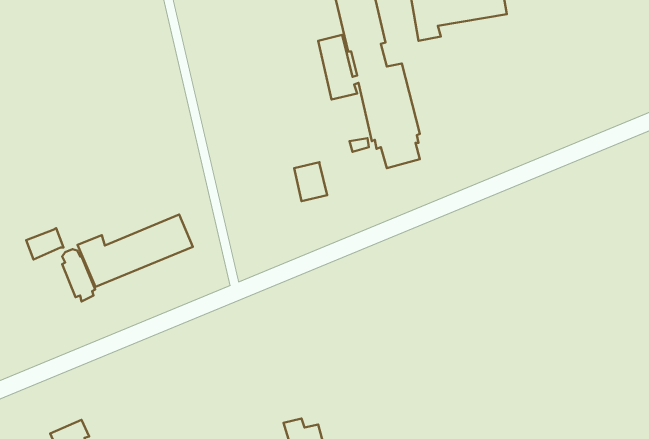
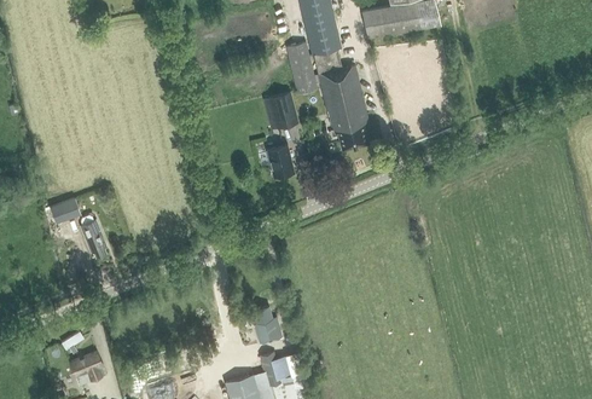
building: none -> [269,91,298,127]
building: [77,215,193,287] -> none
building: none -> [254,307,282,343]

